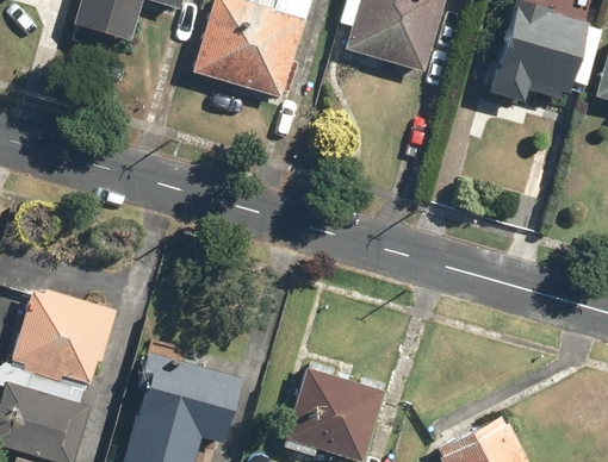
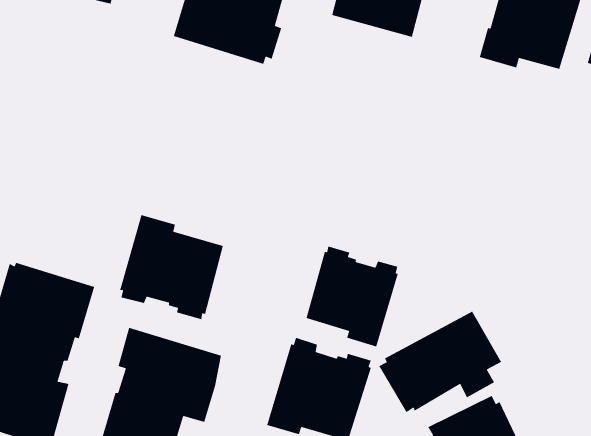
building: none -> [119,214,224,320]
building: none -> [305,246,399,347]
building: none -> [378,310,502,413]

